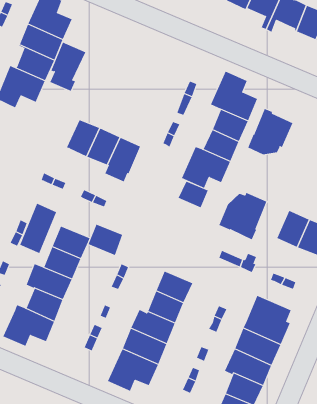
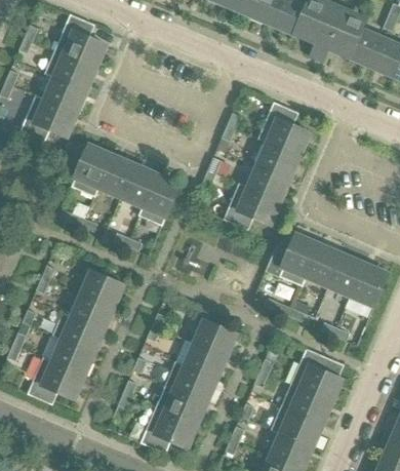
building: [50,42,86,91] -> [72,144,112,198]
building: [247,108,293,155] -> none
building: [178,181,209,208] -> none
building: none -> [306,245,342,285]
building: [19,203,57,254] -> none
building: [88,224,123,256] -> none

